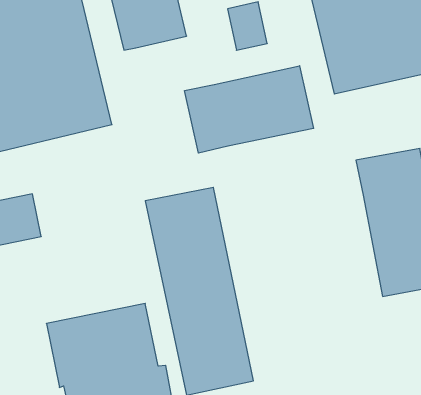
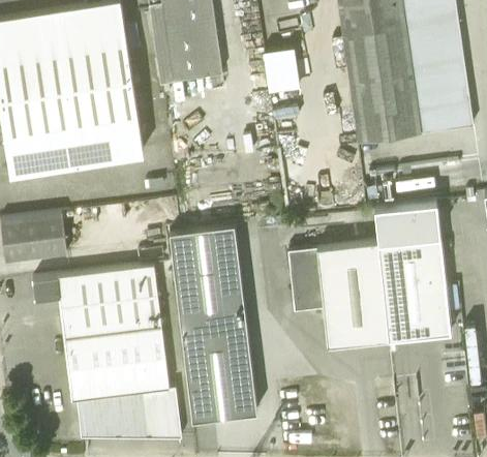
building: [185,66,314,153] -> none
building: none -> [287,243,389,348]
building: none -> [33,267,161,340]

